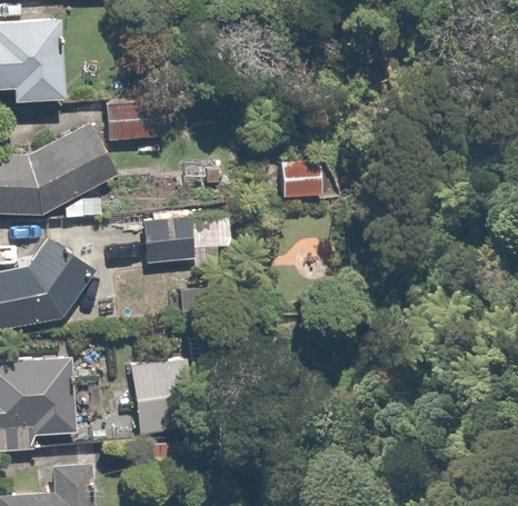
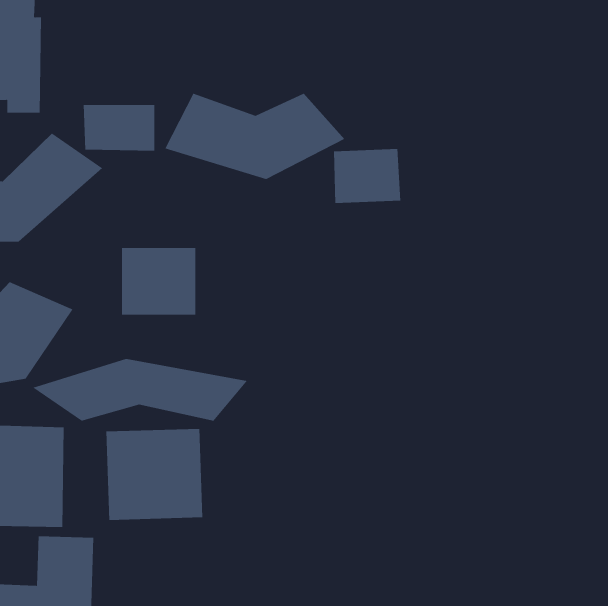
building: none -> [165,93,345,180]
building: none -> [32,358,248,421]

